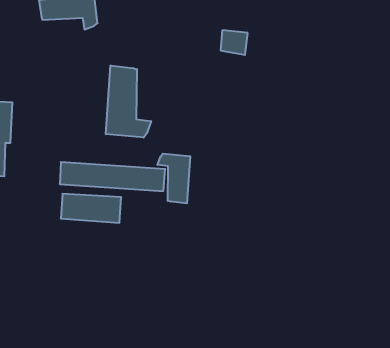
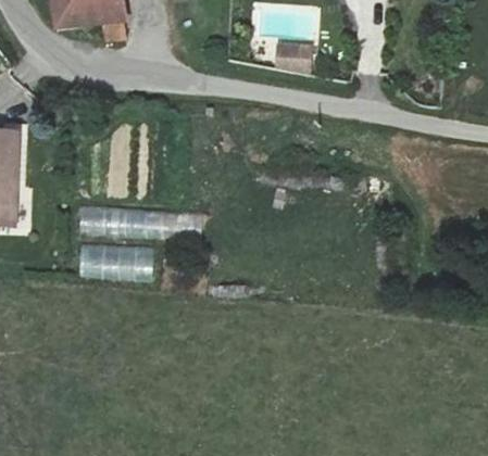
building: [106,65,151,138] -> none
building: [157,154,190,203] -> none

